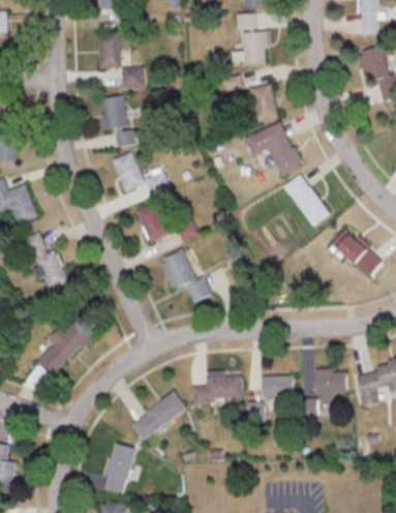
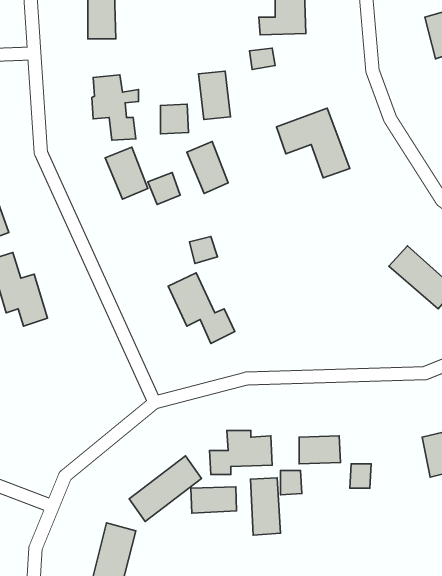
building: [123,66,145,89] -> [160,104,189,134]
building: [251,85,276,122] -> [199,71,231,119]
building: [283,174,330,228] -> none
building: [136,203,169,243] -> [187,141,228,194]
building: [35,320,91,378] -> none
building: [315,370,347,405] -> none
building: none -> [251,478,281,535]
building: none -> [191,487,236,513]

